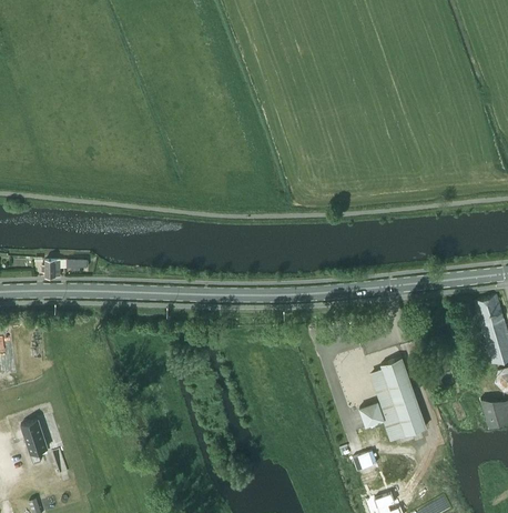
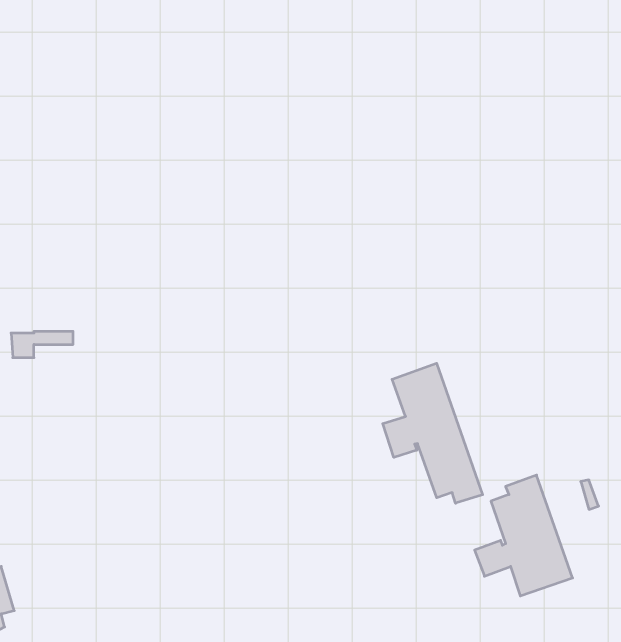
building: none -> [383,363,483,503]

